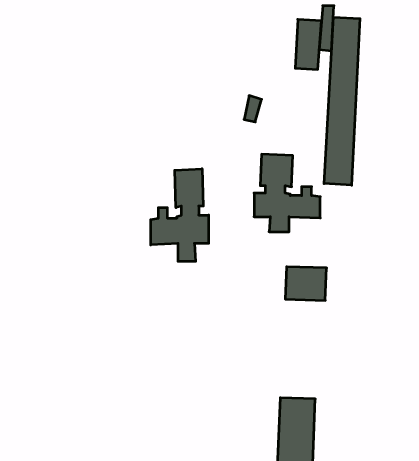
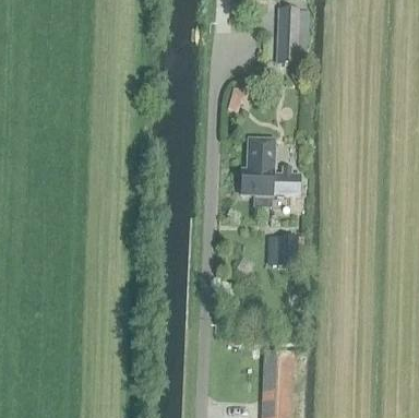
building: [324,17,360,185] -> none
building: [151,169,209,261] -> none

